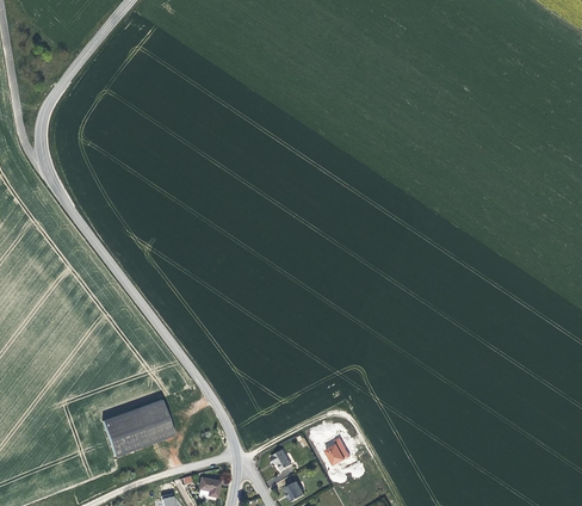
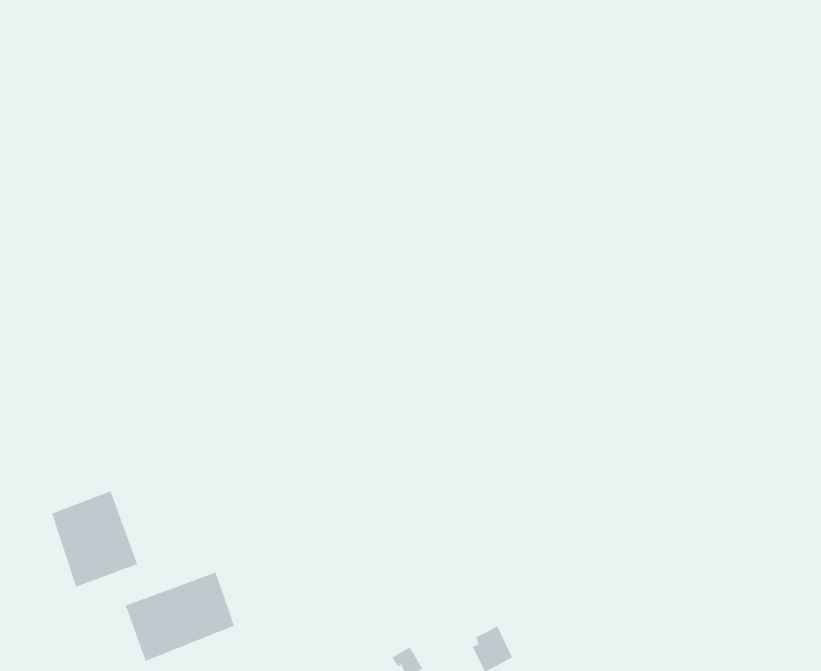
building: none -> [51,490,138,587]

